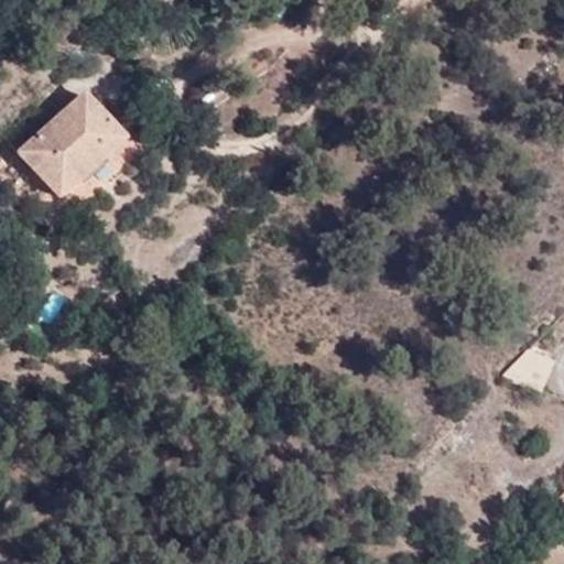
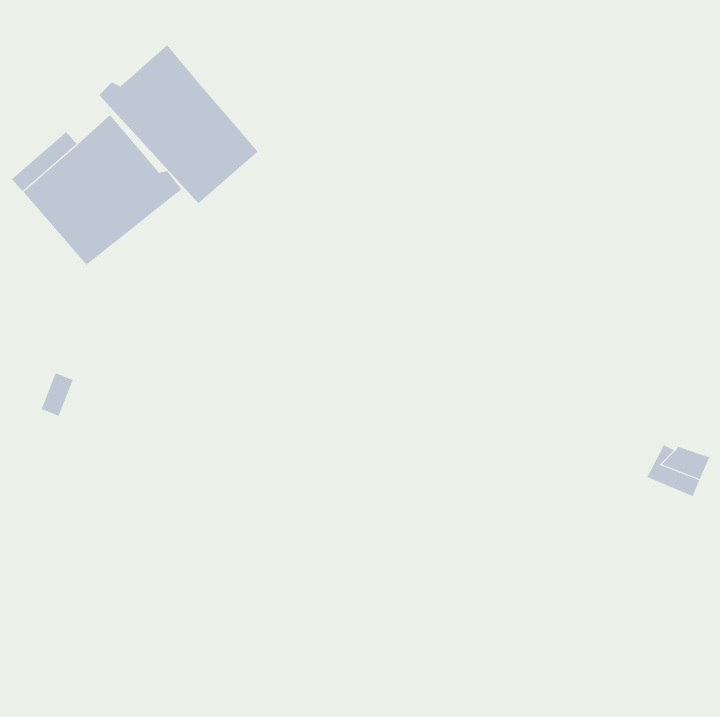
building: none -> [99,45,259,204]

